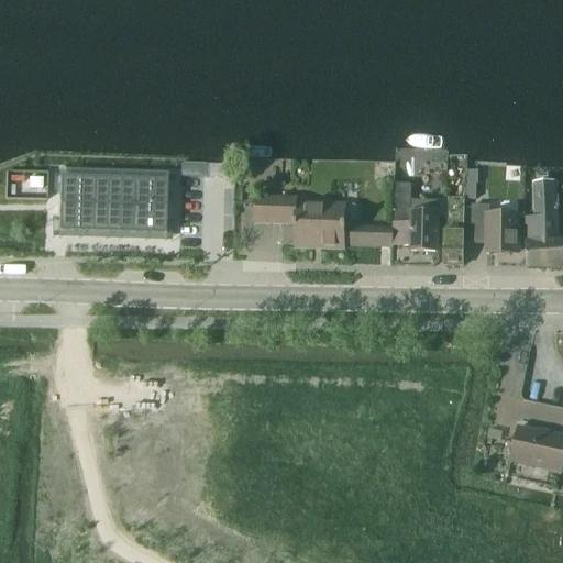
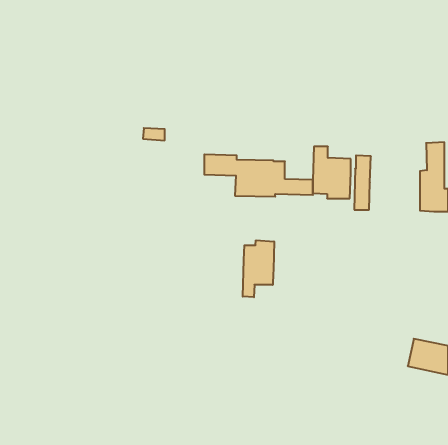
building: [58,176,166,232] -> none
building: [472,202,518,250] -> none
building: none -> [243,240,274,297]

